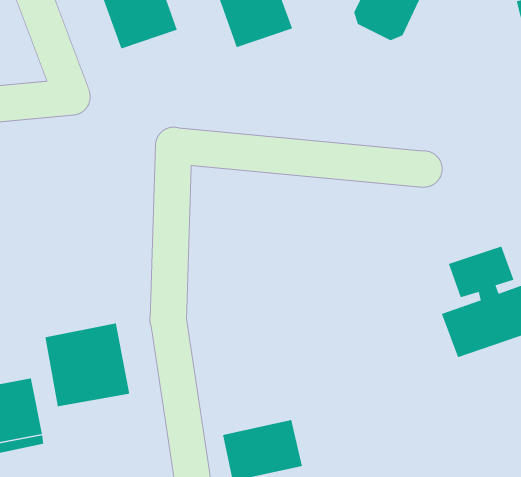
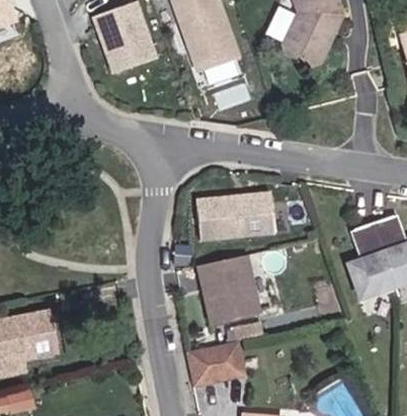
building: none -> [194,192,273,242]
building: none -> [197,255,259,325]
building: [44,323,130,407] -> none

